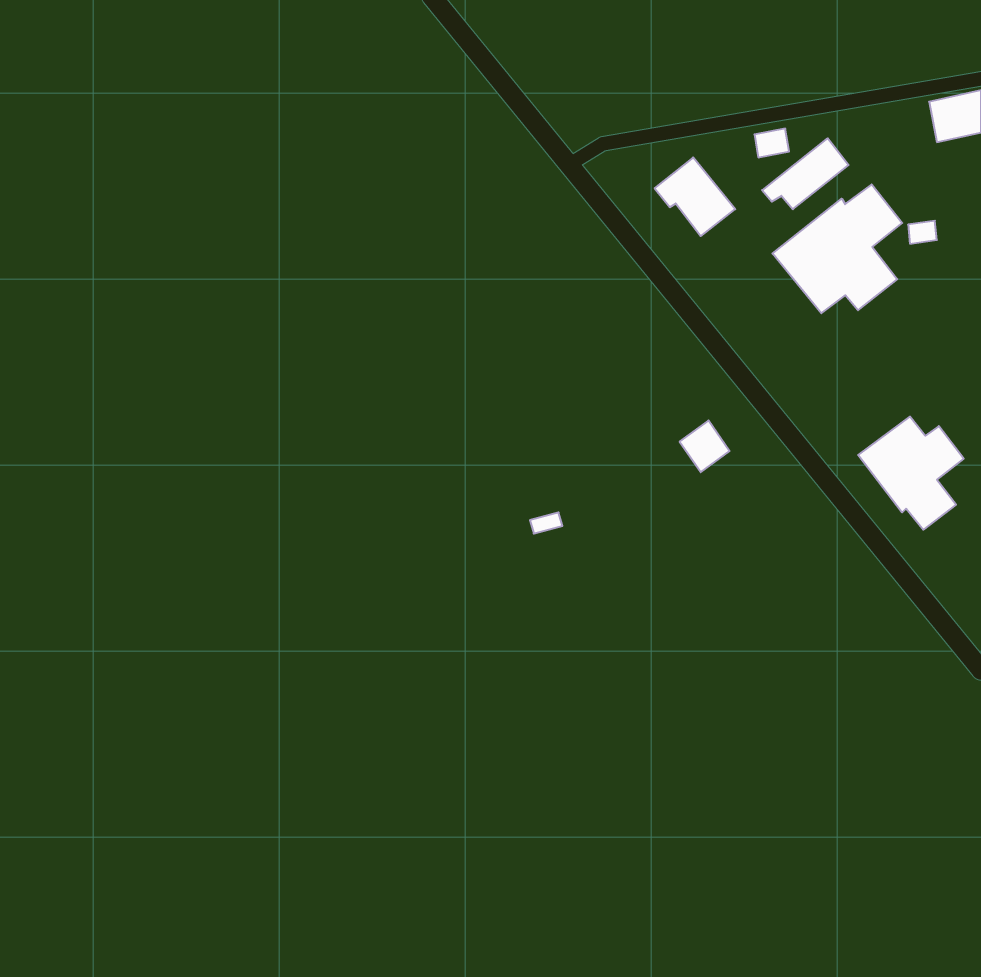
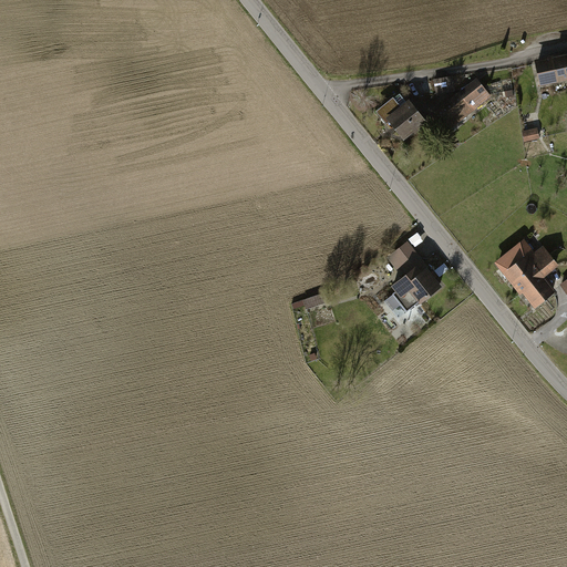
building: [772,184,902,313] -> none
building: none -> [385,270,441,322]

